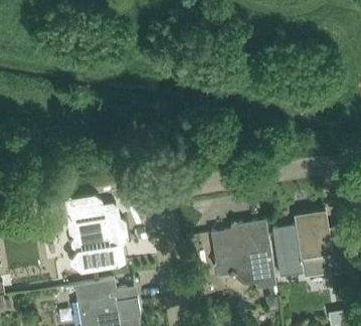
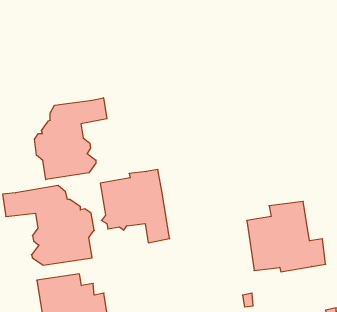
building: none -> [34,98,107,180]
building: [210,219,276,289] -> [100,169,170,243]

